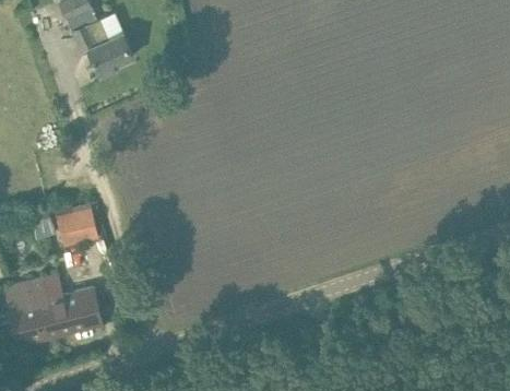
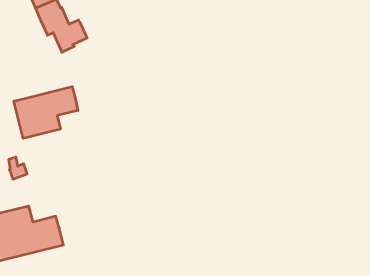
building: none -> [14,87,78,138]
building: [57,209,98,246] -> none

